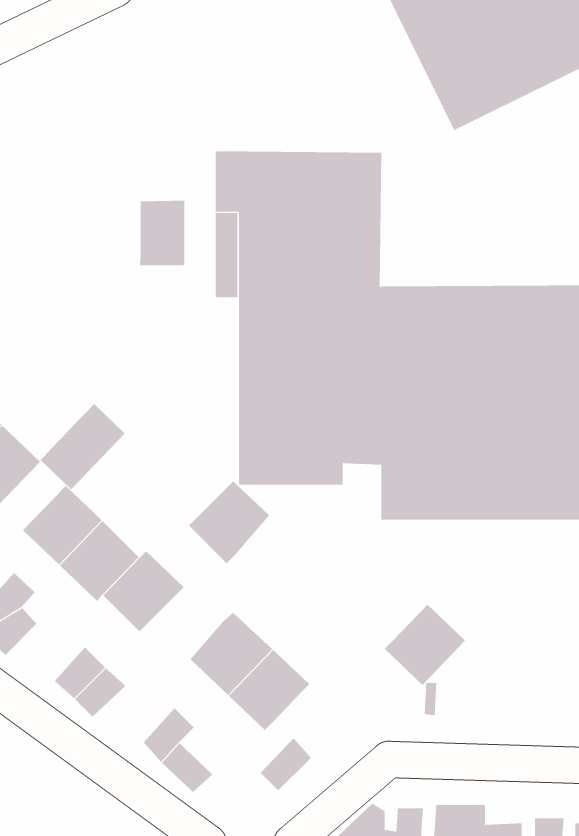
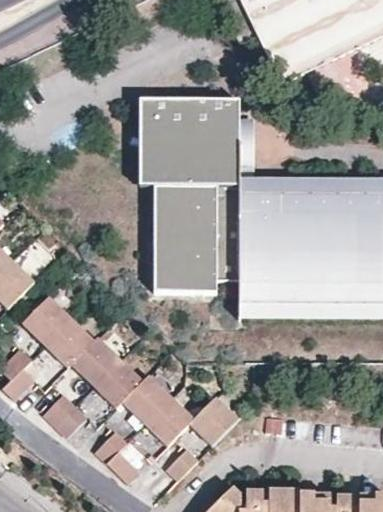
building: [139,200,185,266] -> none
building: [40,403,126,490] -> none
building: [188,481,270,564] -> [94,358,143,408]
building: [384,604,466,686] -> [191,394,240,443]

